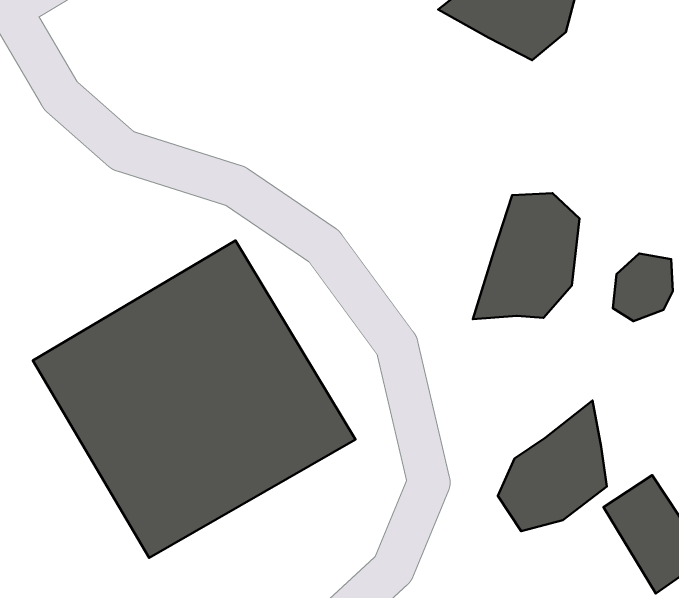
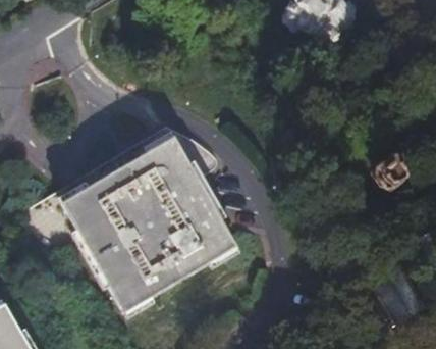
building: [473,193,579,319] -> none
building: [498,400,607,531] -> none

